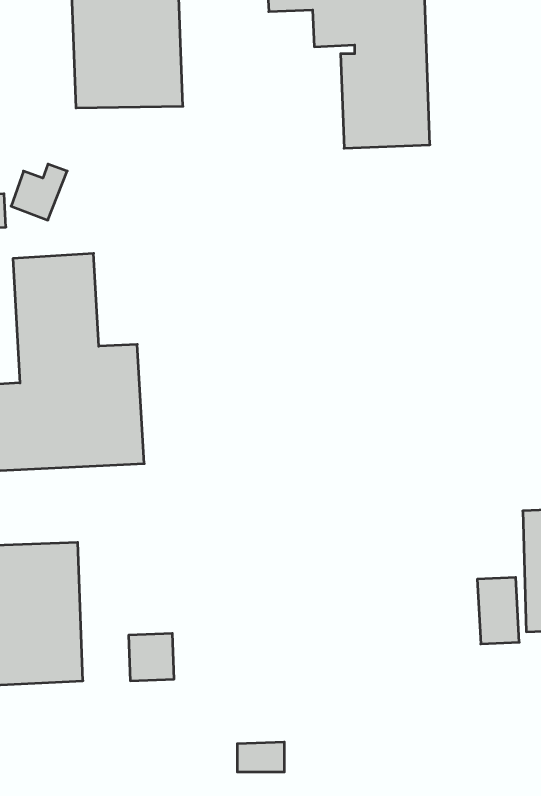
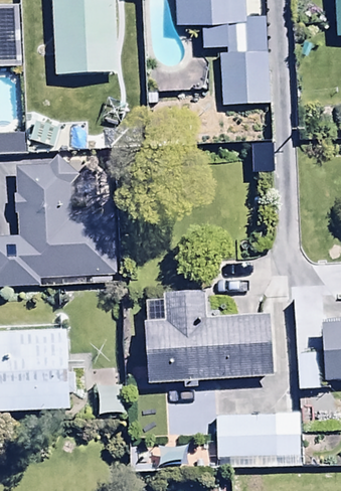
building: none -> [156,285,284,383]
building: none -> [214,408,300,454]

